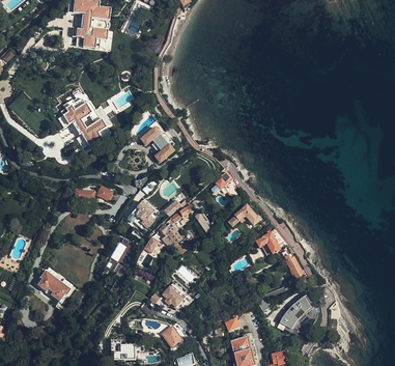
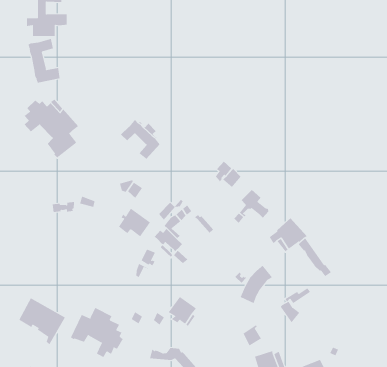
building: none -> [28,38,60,84]
building: none -> [70,307,123,358]
building: [280,297,310,329] -> [240,265,273,304]

